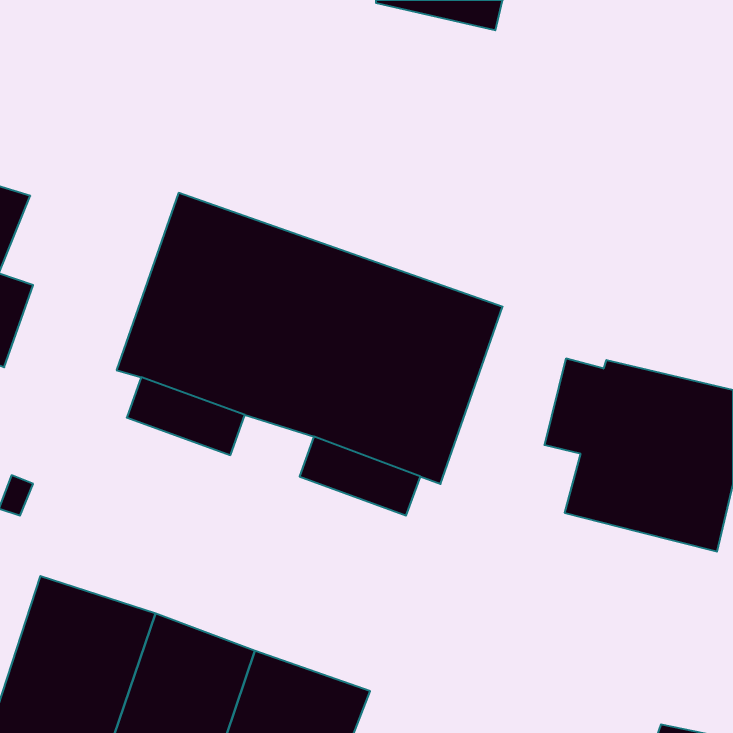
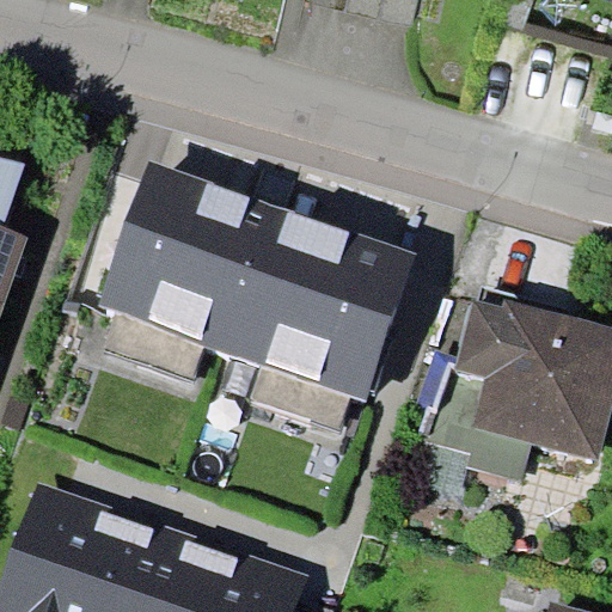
building: none -> [426,372,530,482]

